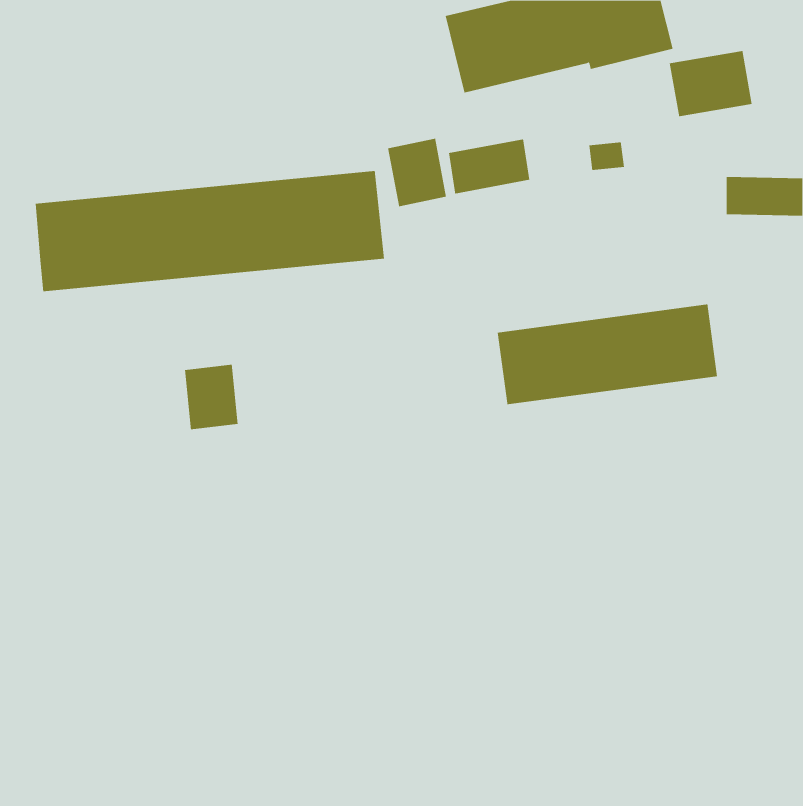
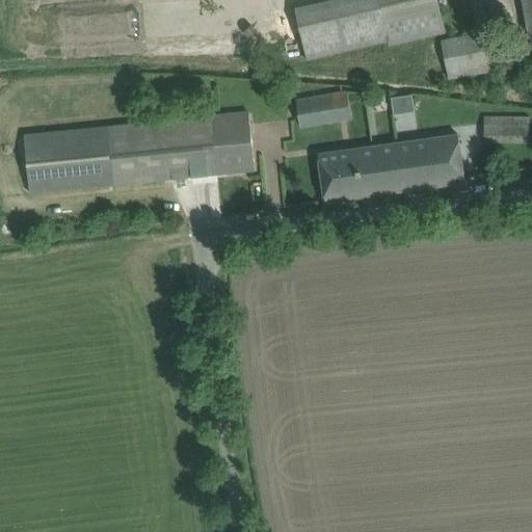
building: [388,138,447,207] -> none
building: [497,304,718,405] -> [318,135,463,202]
building: [185,364,238,430] -> none

